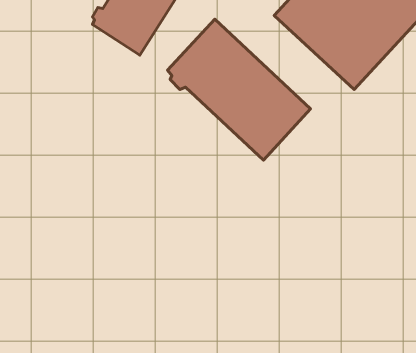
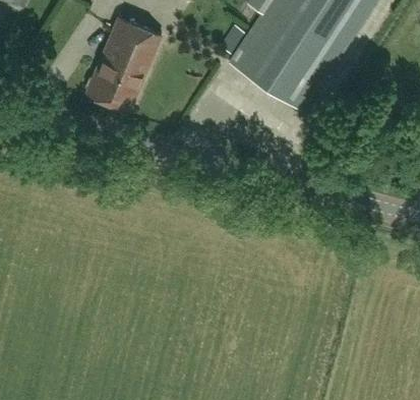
building: [168,19,311,160] -> none

